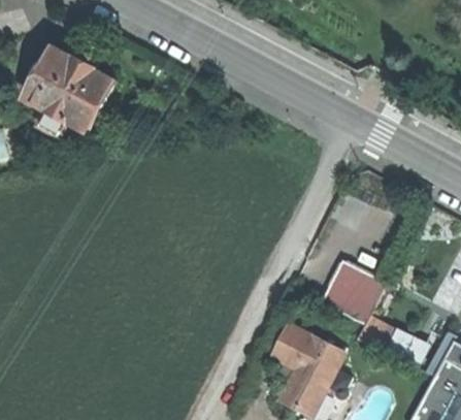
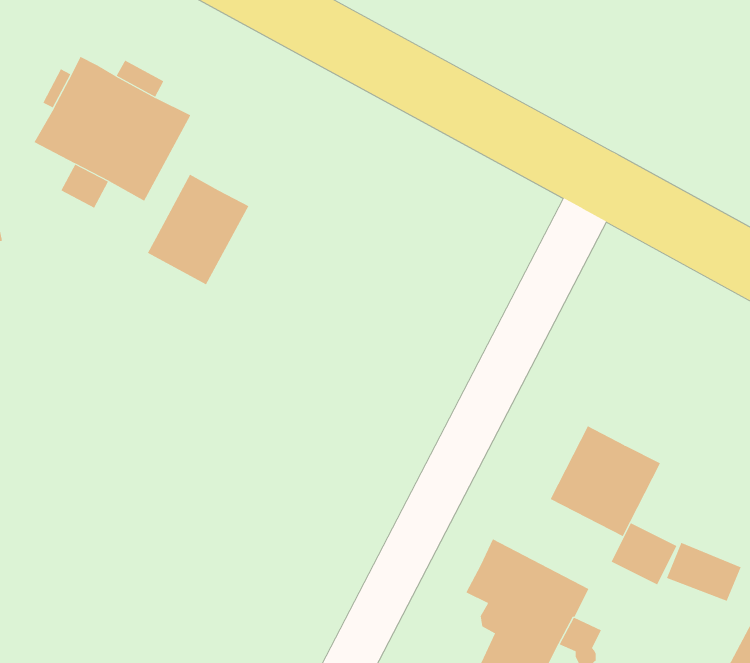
building: none -> [147,174,249,285]

